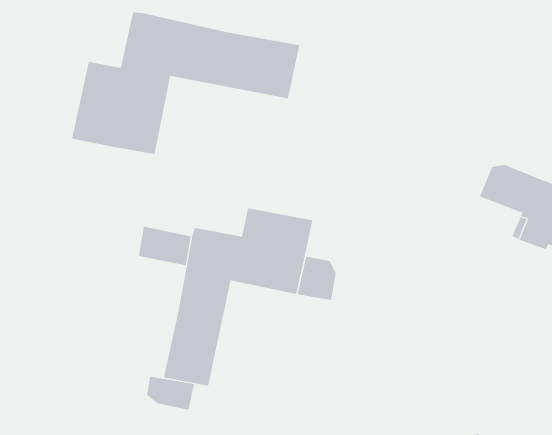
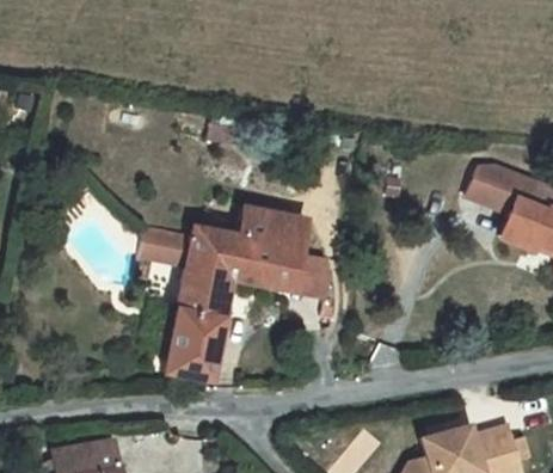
building: [72,11,300,155] -> none
building: [146,376,194,411] -> none

